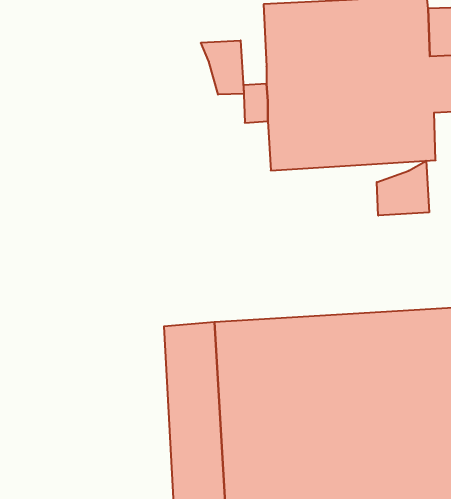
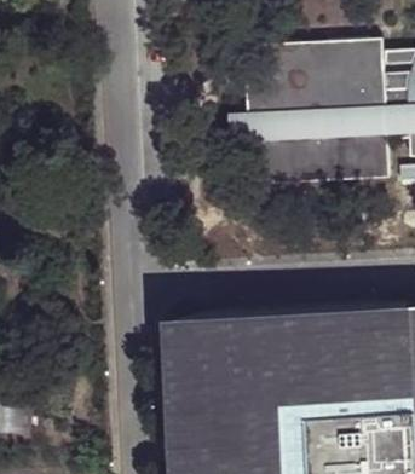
building: [201,40,244,95] -> none
building: [377,161,429,216] -> none

